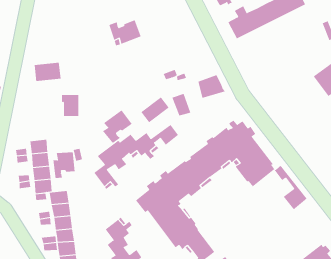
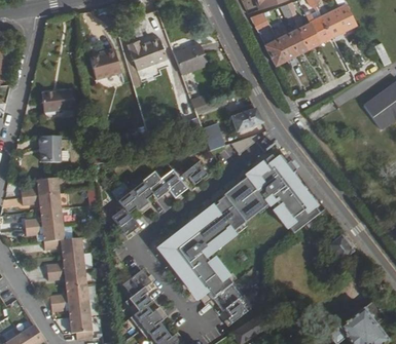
building: none -> [173,45,208,76]
building: none -> [88,51,119,81]
building: [61,94,79,117] -> [39,138,60,163]
building: [141,97,169,123] -> none
building: [102,110,132,144] -> none
building: [53,151,75,179] -> none

